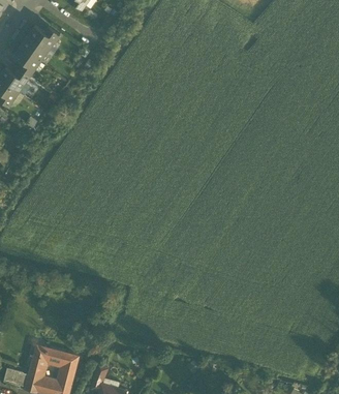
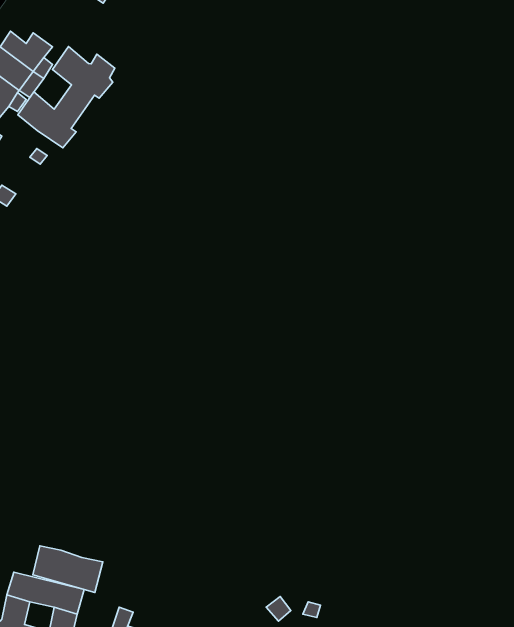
building: none -> [18,46,115,148]
building: none -> [33,546,103,593]

